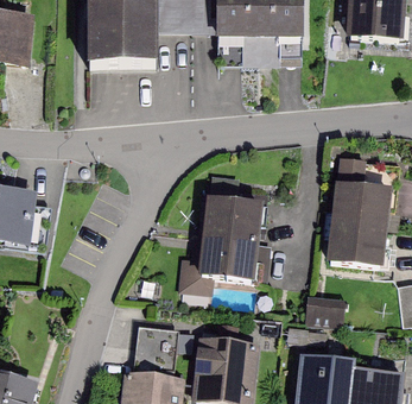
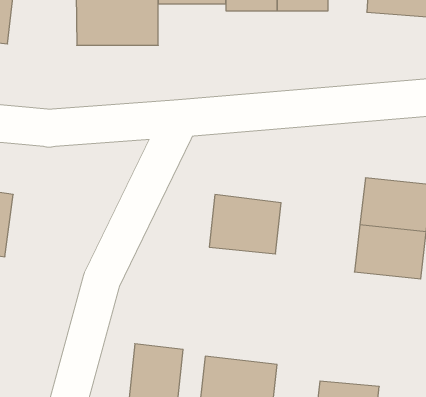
building: [178,240,259,292] -> none
building: [304,297,344,329] -> none

